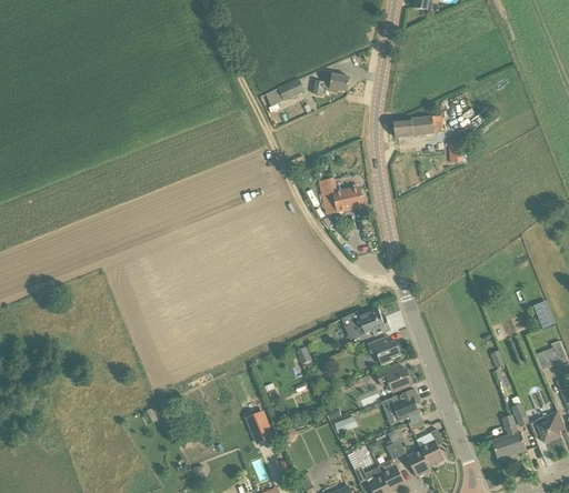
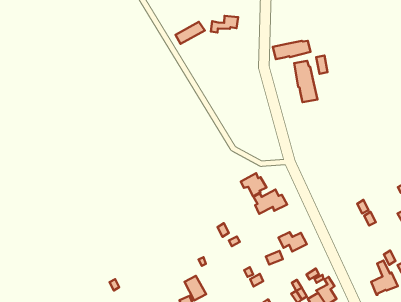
building: none -> [294,61,317,102]
building: [319,178,362,213] -> none
building: [367,334,400,364] -> [241,173,267,196]
building: [391,388,419,420] -> none

